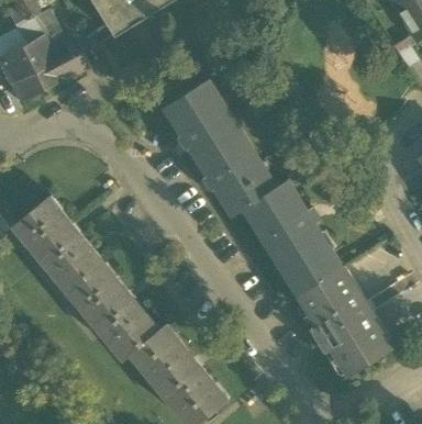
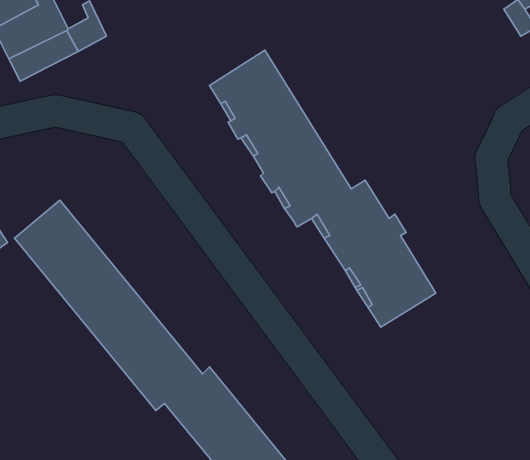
building: [299,267,393,376] -> none

